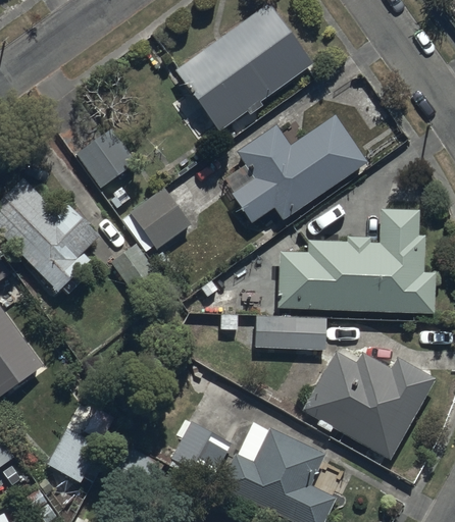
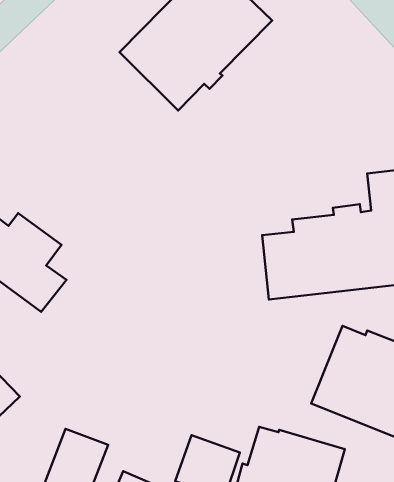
building: [230,109,365,219] -> none
building: [74,127,137,190] -> none
building: [123,188,192,251] -> none
building: [253,317,326,352] -> none

